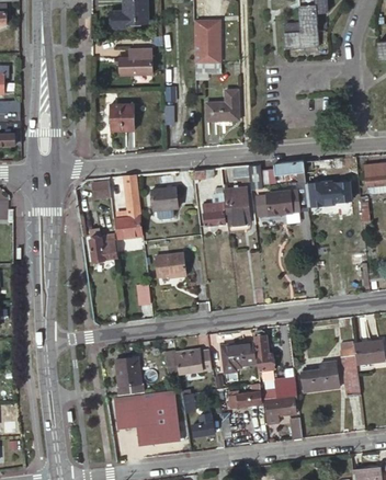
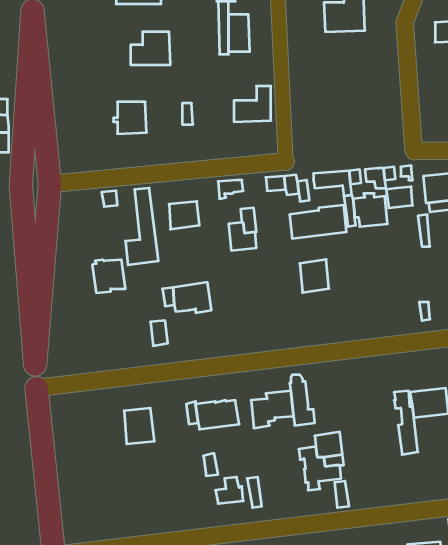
building: [226,187,250,215] -> [300,259,329,293]
building: [302,362,339,392] -> none
building: [228,384,262,409] -> none
building: [116,397,180,445] -> none

